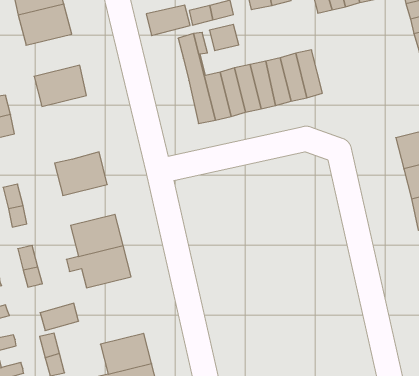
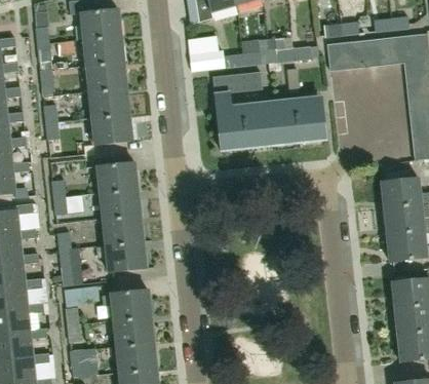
building: none -> [86,62,128,92]
building: none -> [92,114,133,146]
building: none -> [100,190,141,220]
building: none -> [102,291,151,321]

